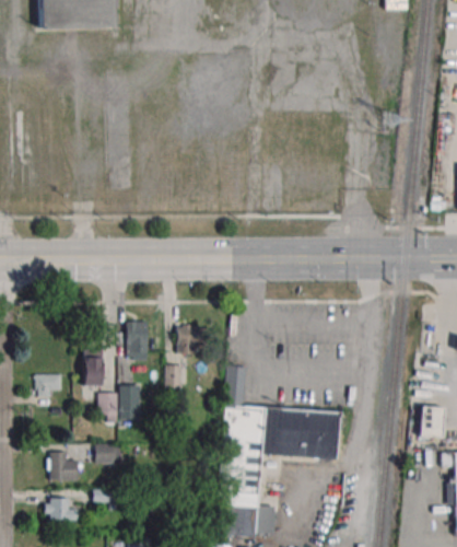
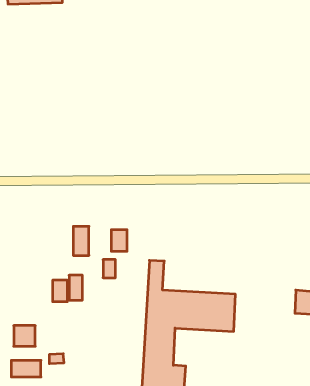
building: [84,349,103,387] -> none
building: [36,374,63,396] -> none
building: [96,444,121,464] -> none

